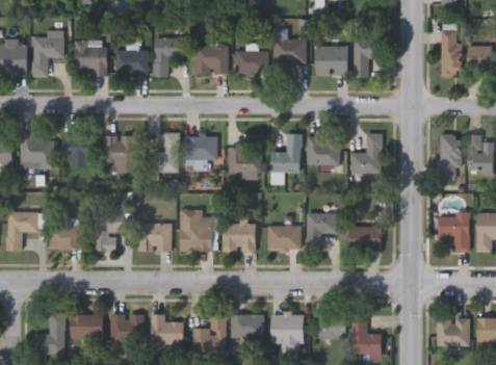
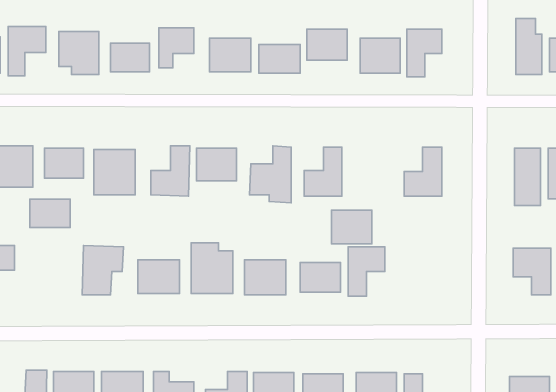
building: [307,136,339,163] -> [331,210,372,244]
building: [50,226,82,249] -> [30,199,70,228]
building: [348,227,382,250] -> none

